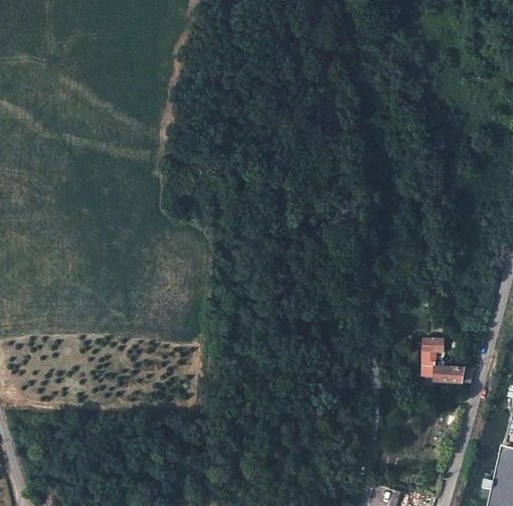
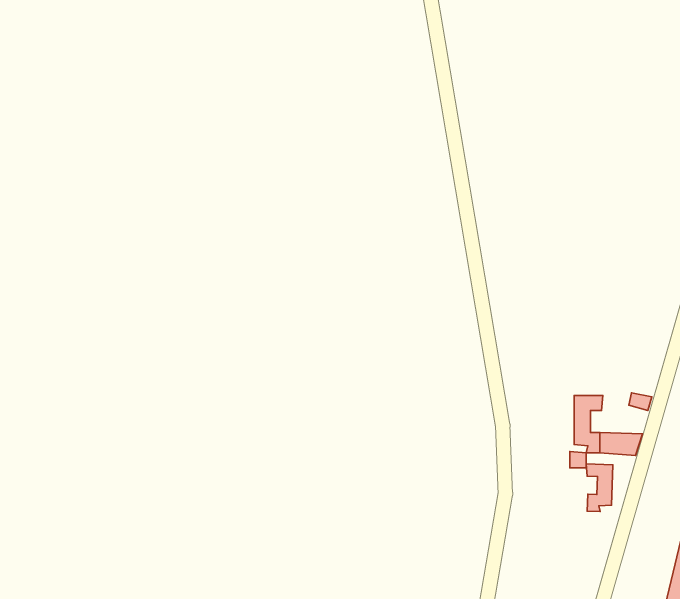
building: none -> [586,464,613,512]

